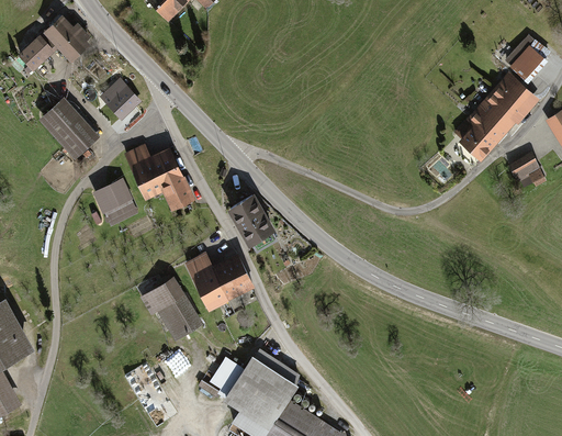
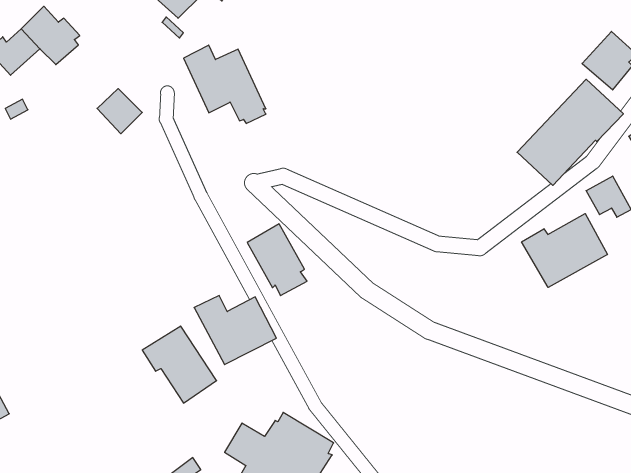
building: [38,97,99,159] -> none
building: [124,144,192,209] -> [184,45,266,123]
building: [92,178,138,226] -> none
building: none -> [522,214,607,287]

